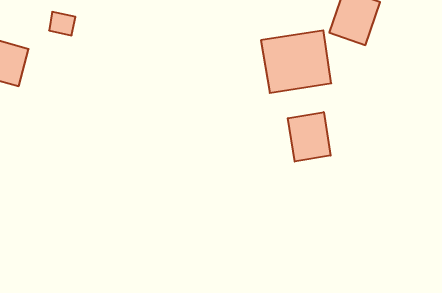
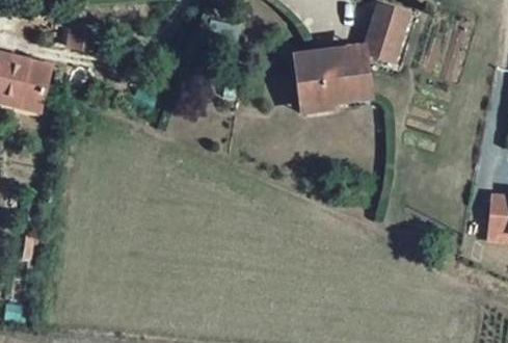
building: [288,112,331,162] -> none

